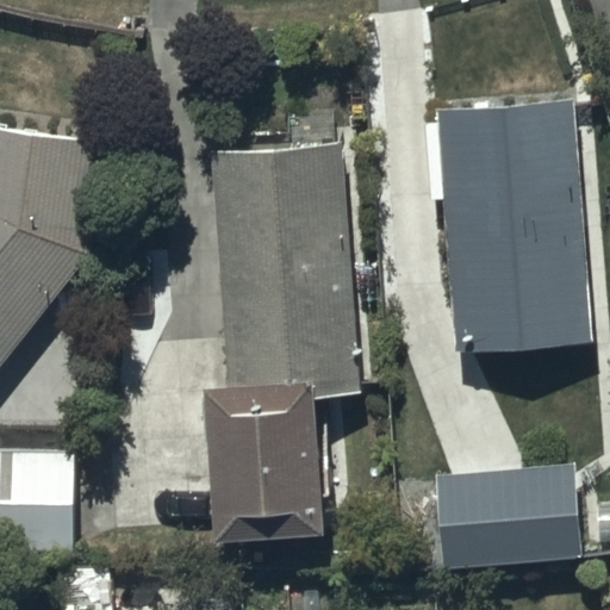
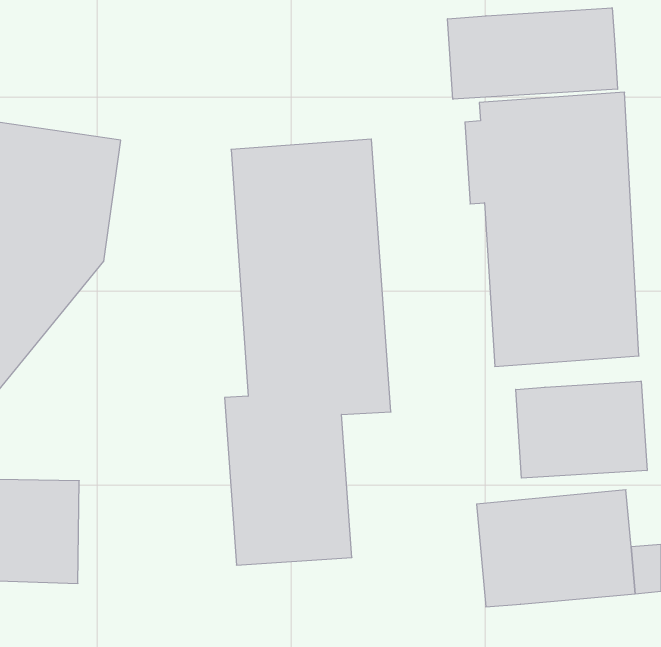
building: none -> [448,8,618,99]
building: none -> [516,381,647,478]

